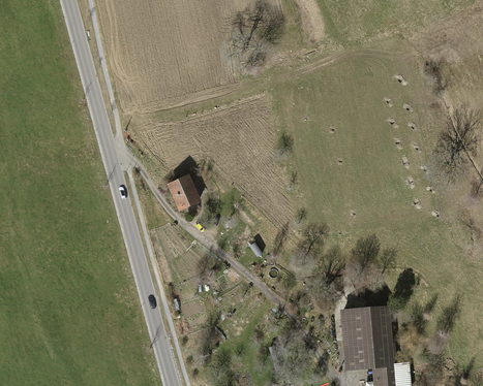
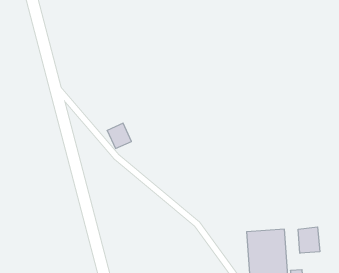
building: none -> [298,227,320,253]

